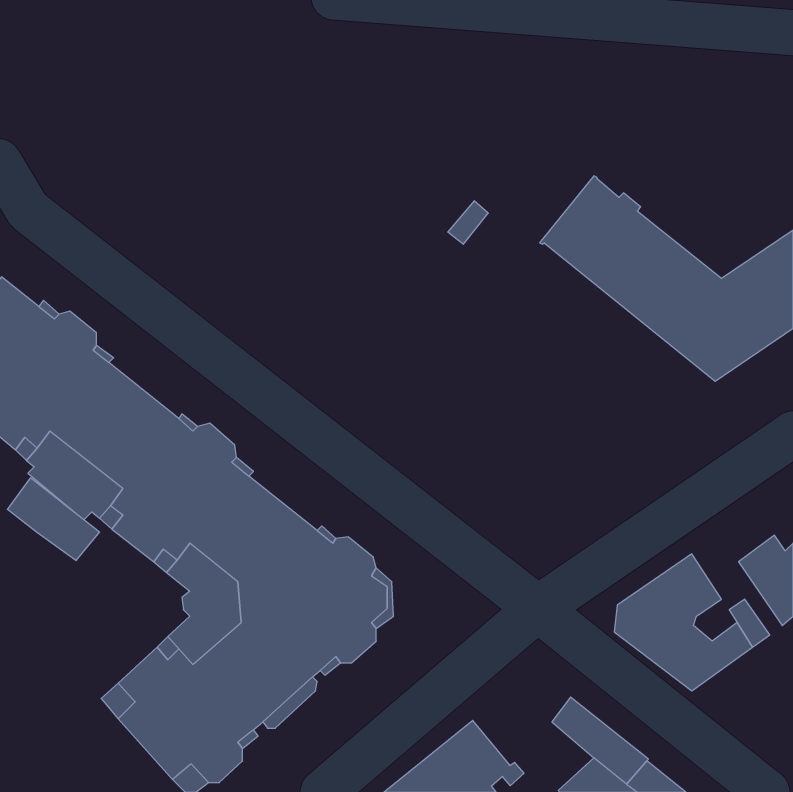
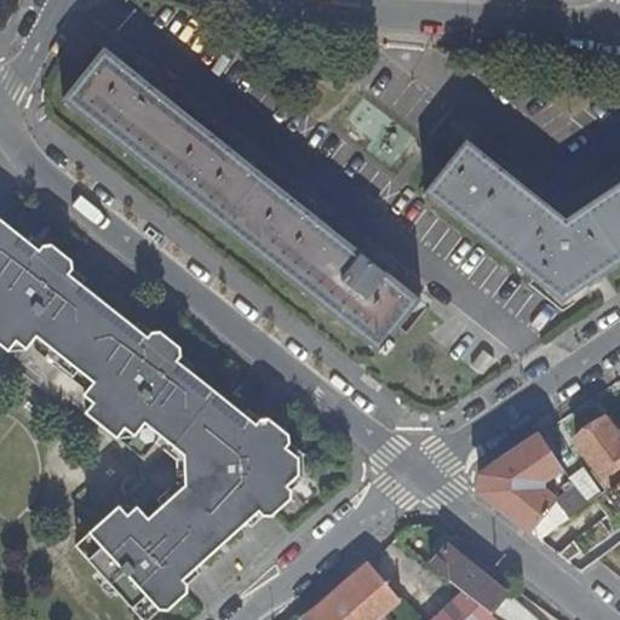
building: none -> [61,44,417,348]
building: [7,478,99,561] -> none

